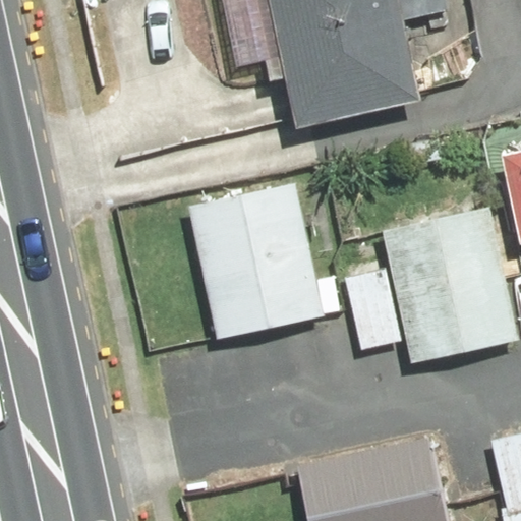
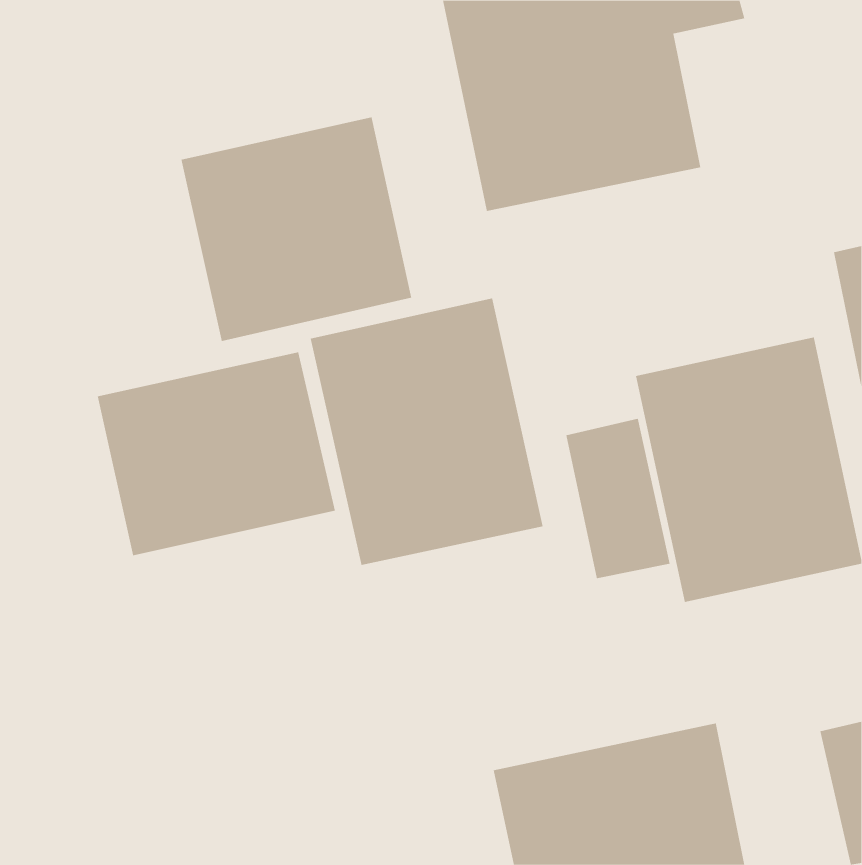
building: none -> [181,117,412,342]
building: none -> [97,351,336,556]

